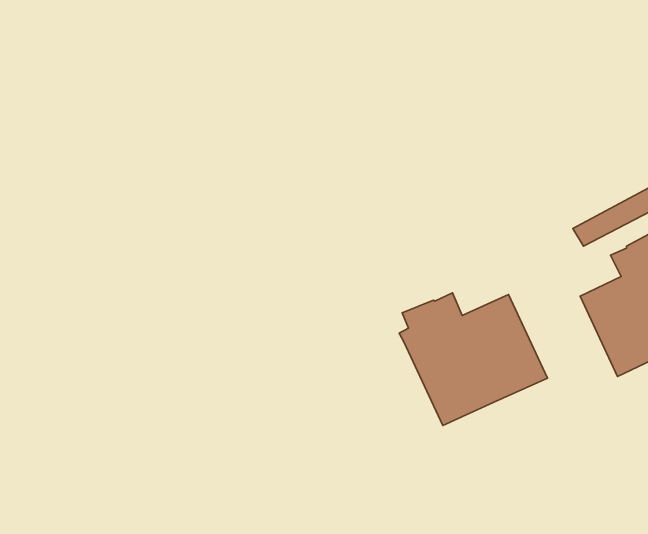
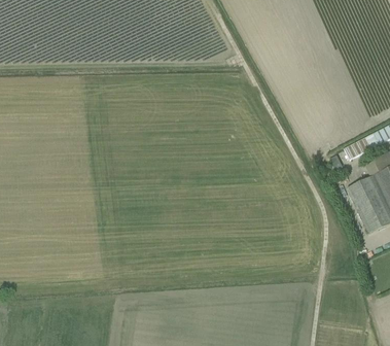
building: [399,293,547,425] -> none

